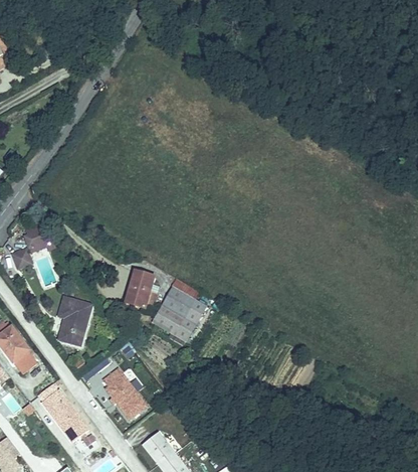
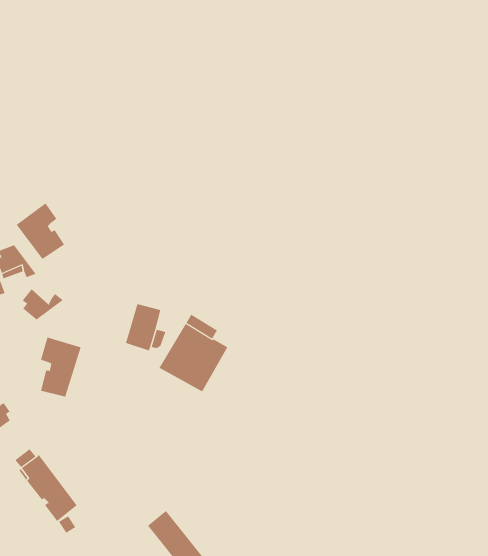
building: none -> [16,203,65,260]
building: none -> [22,289,64,320]
building: [103,368,146,418] -> none

